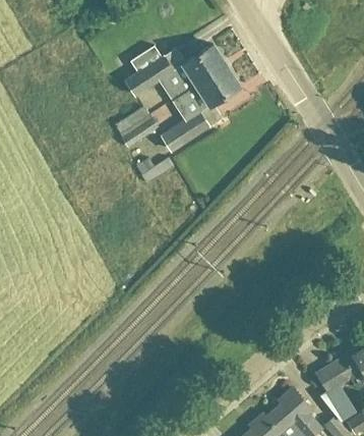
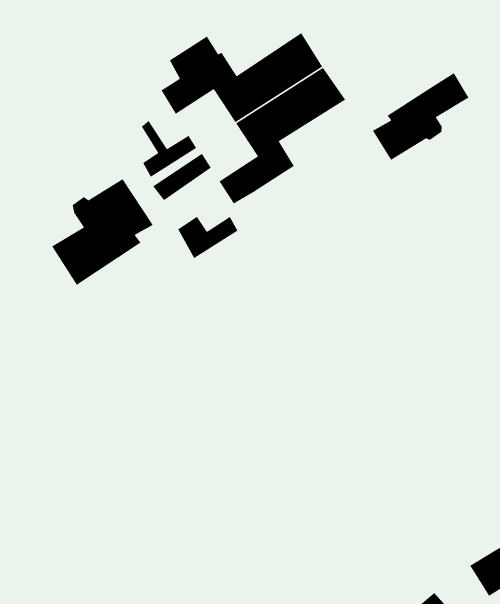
building: none -> [372,72,469,161]
building: none -> [51,178,154,286]

